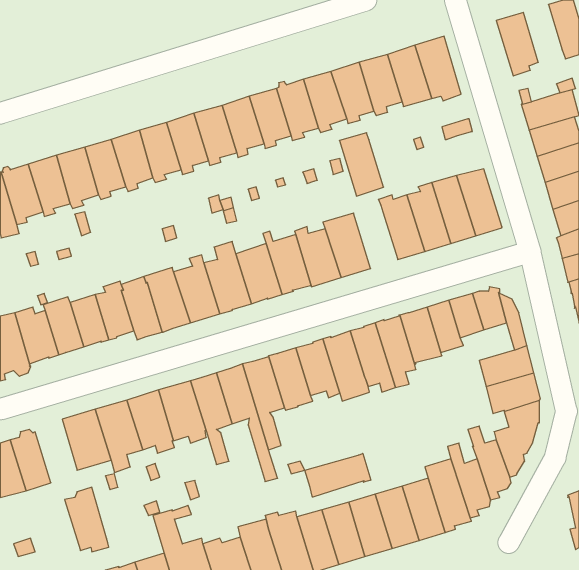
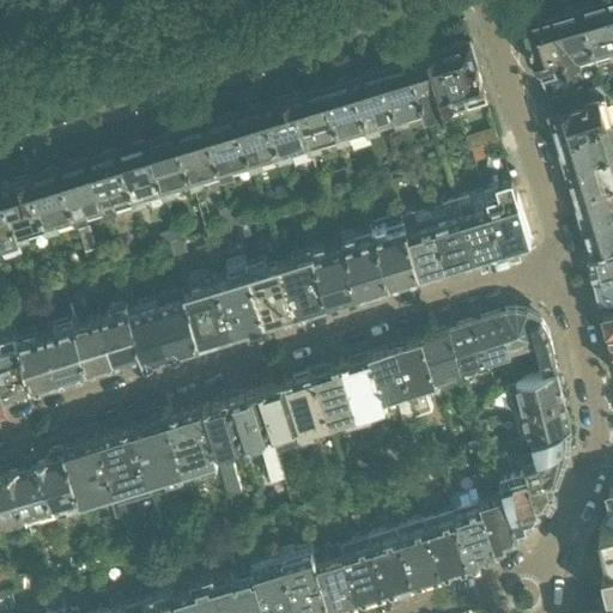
building: none -> [553,14,594,75]
building: [339,133,384,196] -> [374,226,420,293]
building: [305,453,371,497] -> none
building: [65,487,109,552] -> [37,453,84,521]

